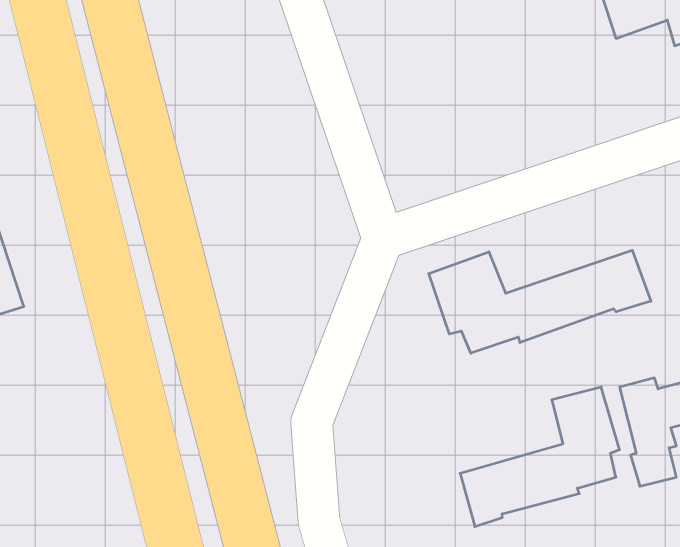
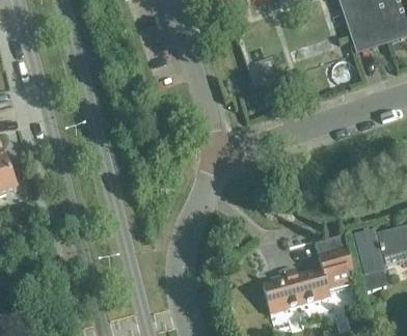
building: [429,250,651,353] -> none

